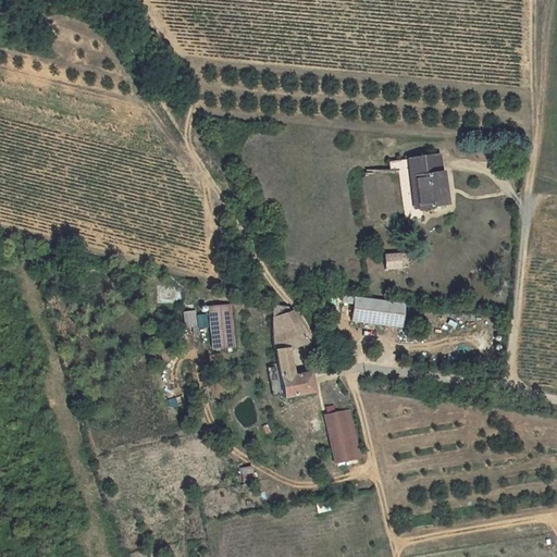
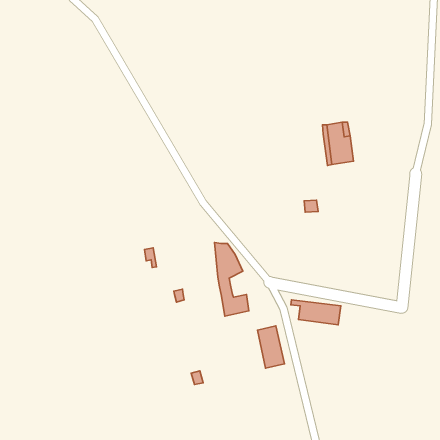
building: [343,295,406,326] -> [291,300,341,325]
building: [208,305,236,349] -> none

